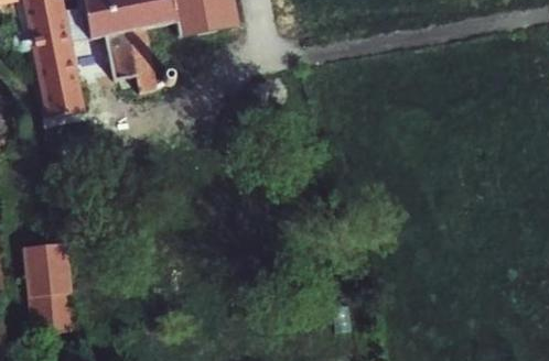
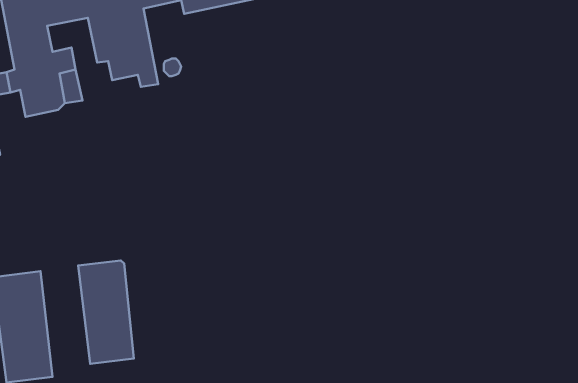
building: none -> [78,261,134,364]

